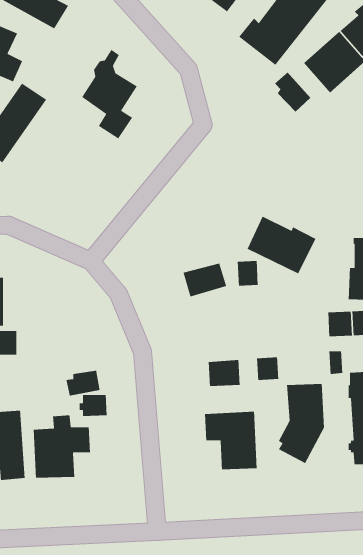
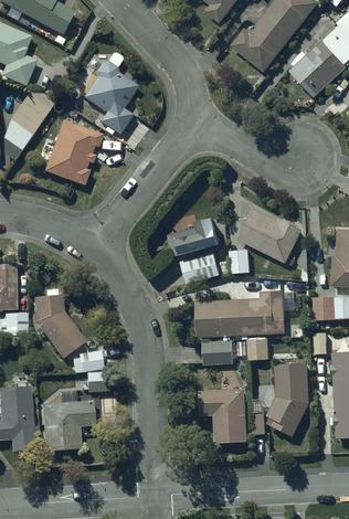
building: [274,72,311,112] -> none
building: none -> [44,123,102,190]
building: none -> [167,213,219,254]
building: none -> [33,287,86,357]
building: none -> [194,288,285,337]

